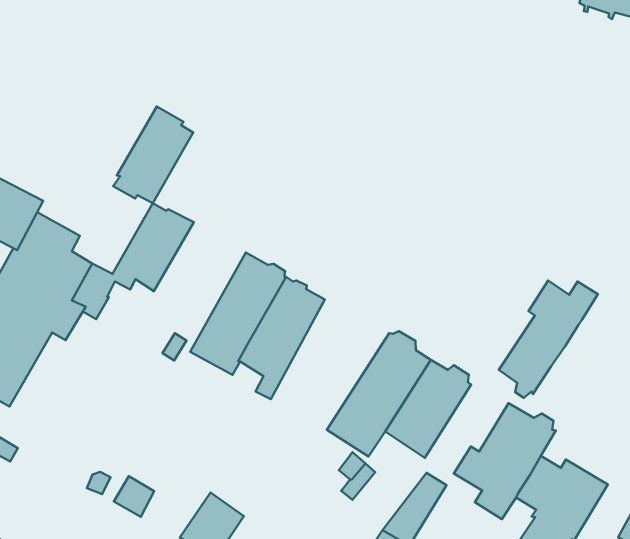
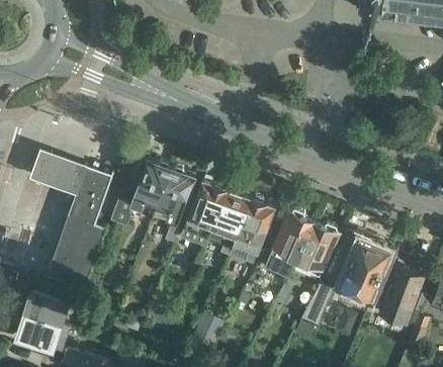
building: [113,107,193,203] -> [155,168,194,221]
building: [499,280,598,398] -> none
building: none -> [230,198,276,268]

